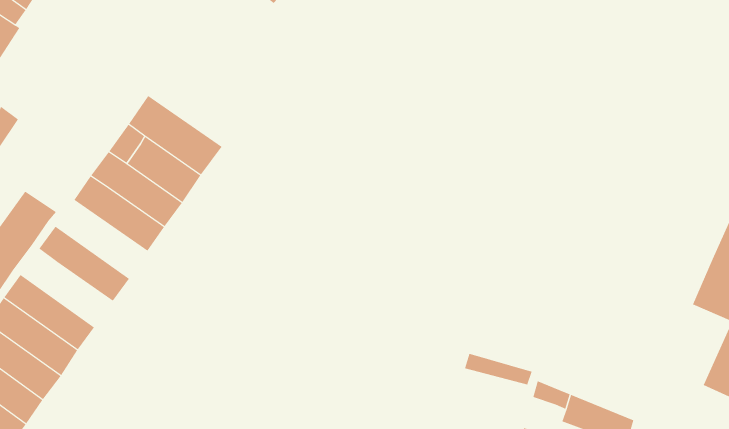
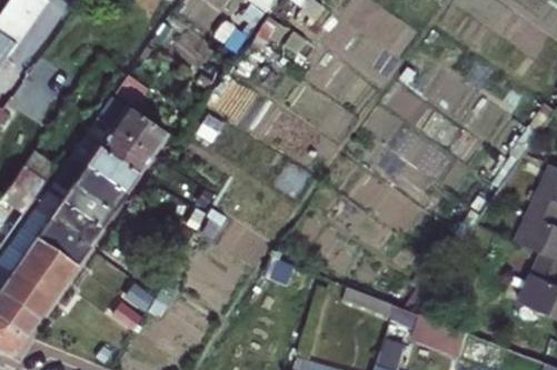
building: none -> [46,176,113,233]
building: none -> [20,211,88,269]

